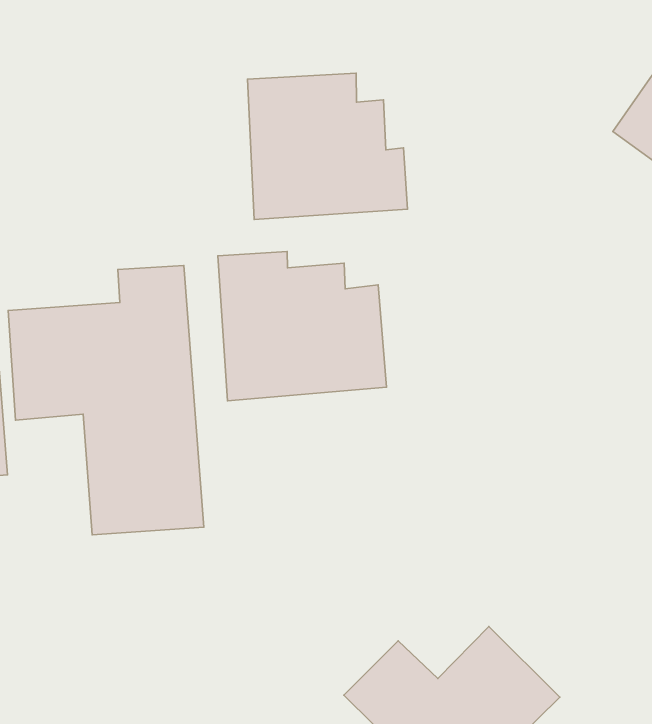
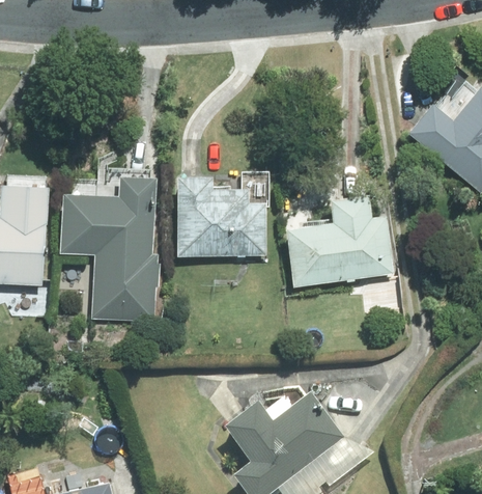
building: [247,73,408,220] -> none
building: none -> [288,197,393,287]

